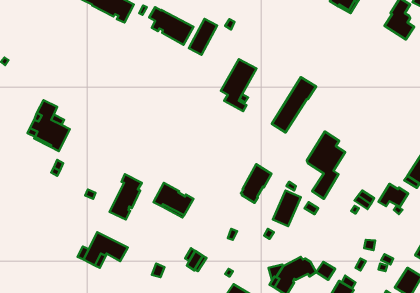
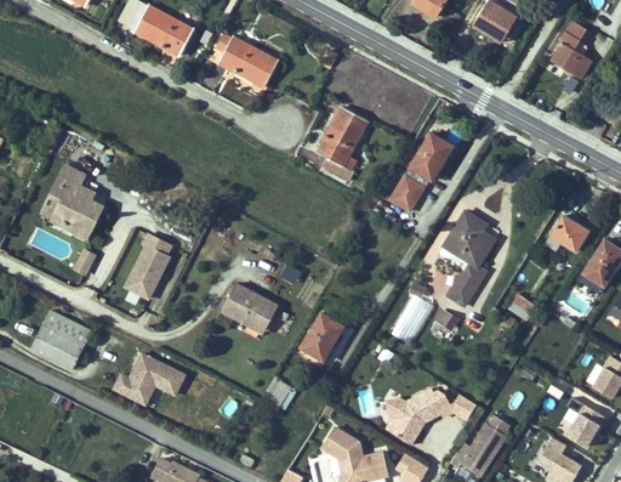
building: [189,19,217,55] -> none
building: [241,164,272,203] -> [298,312,342,367]
building: [110,174,142,219] -> [125,233,171,297]
building: [378,184,408,207] -> [545,217,587,250]
building: none -> [30,310,90,368]

